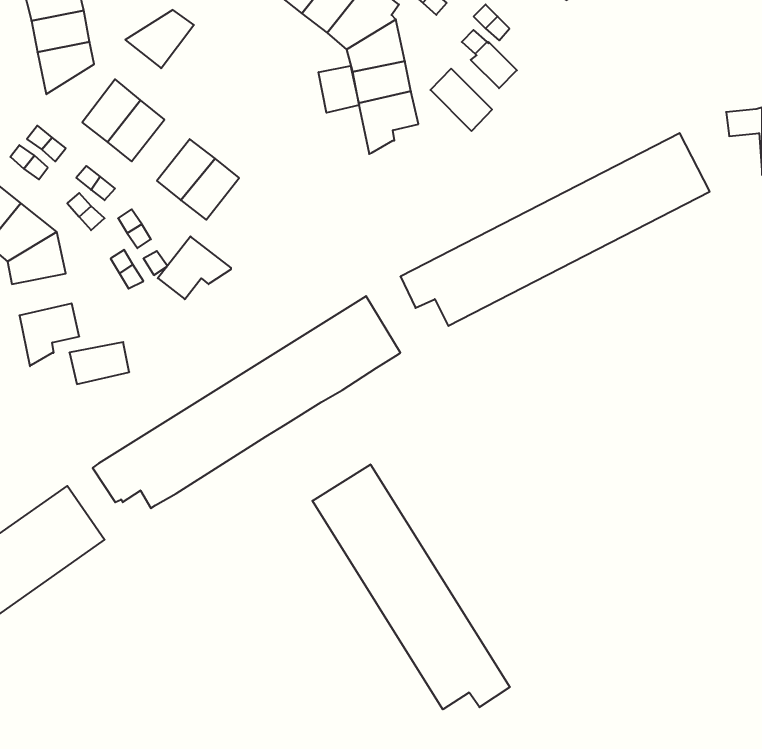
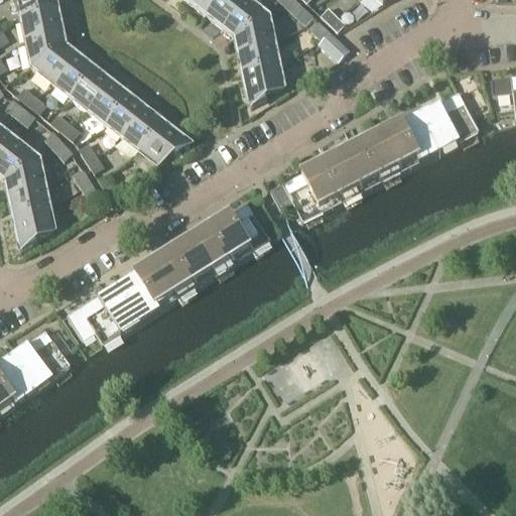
building: [125,10,194,68] -> [31,43,78,83]
building: [319,66,359,113] -> none
building: [430,69,492,131] -> none
building: none -> [89,81,128,122]
building: [158,236,231,299] -> [139,120,188,162]
building: [69,342,129,384] -> [8,184,48,213]
building: [312,464,510,709] -> none

